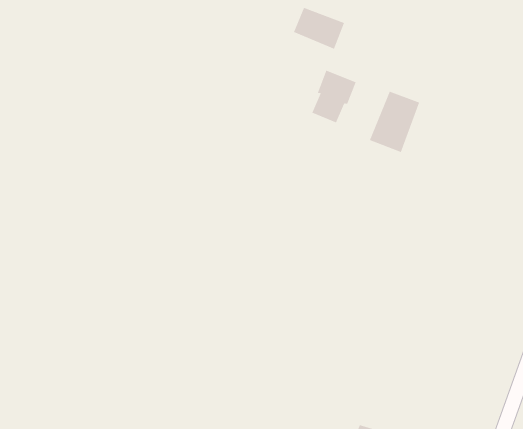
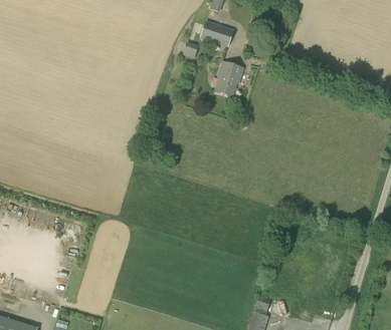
building: [369,91,420,153] -> none

